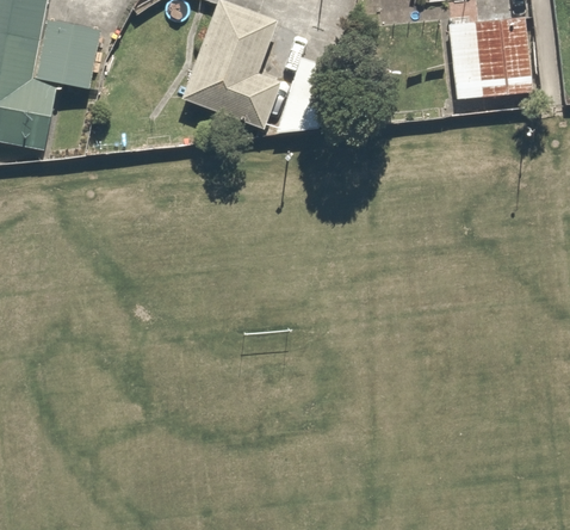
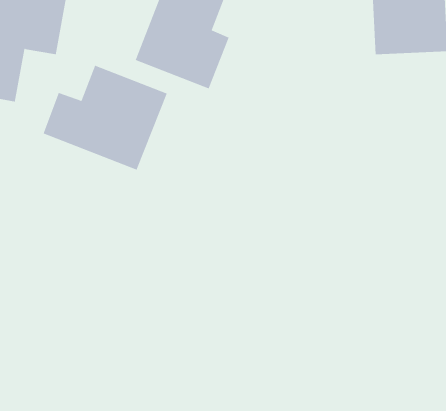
building: none -> [43,65,168,171]

